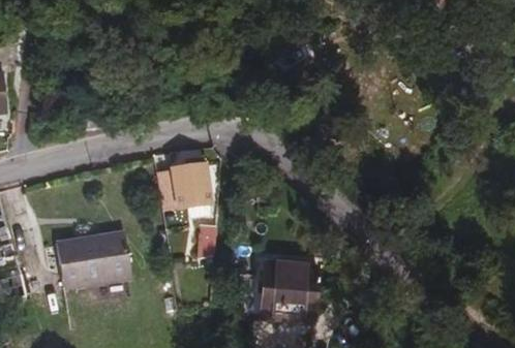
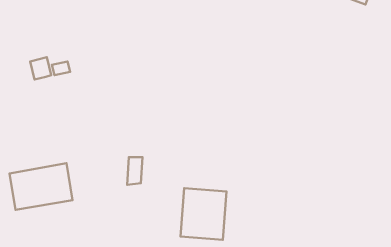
building: [170,162,206,214] -> none

